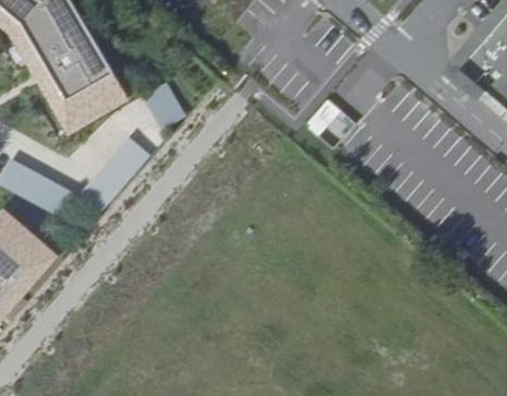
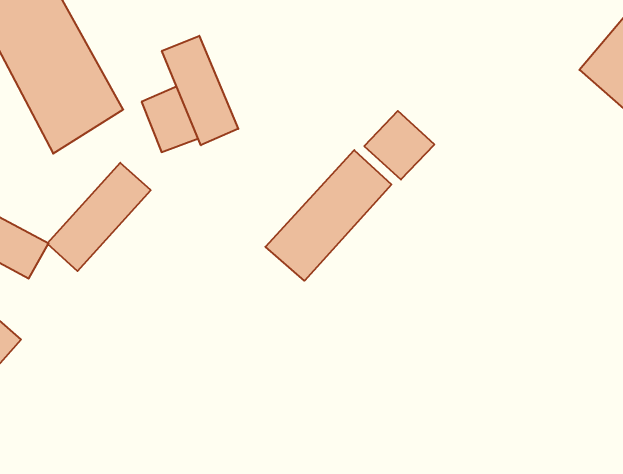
building: none -> [162,36,238,145]
building: none -> [265,150,391,281]

